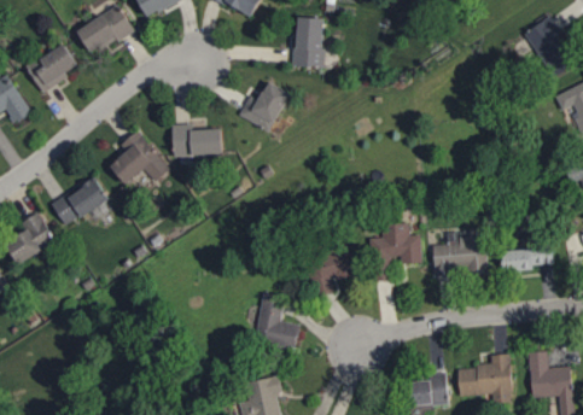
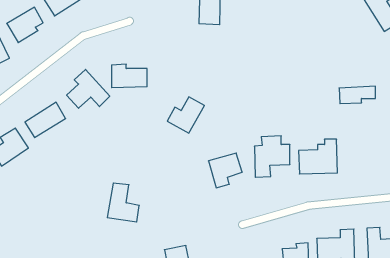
building: [238,81,290,131] -> [167,97,204,133]
building: [501,247,552,271] -> [339,86,375,104]
building: [253,293,298,347] -> [107,183,139,222]

